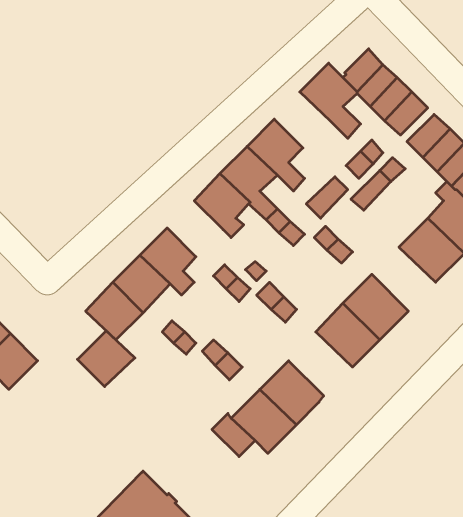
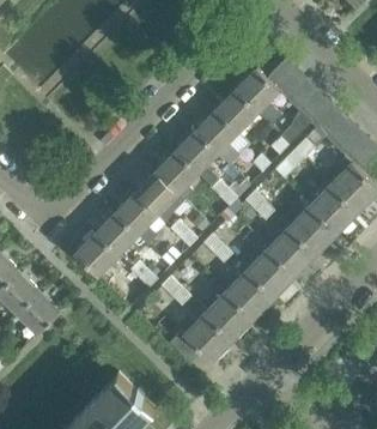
building: none -> [215,90,257,132]
building: none -> [135,171,177,219]
building: none -> [288,206,336,254]
building: [77,331,135,387] -> [17,291,60,333]
building: none -> [226,270,274,318]

